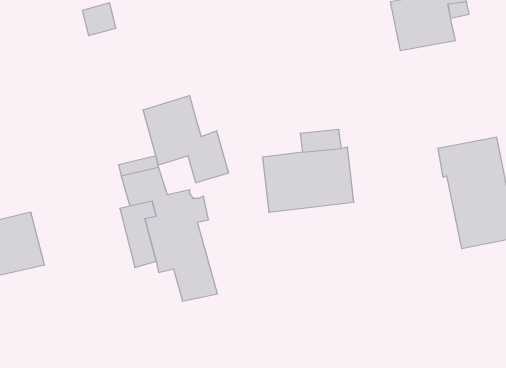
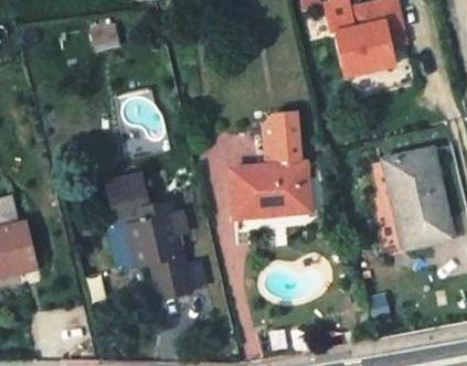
building: none -> [264,110,300,149]
building: [143,95,229,183] -> none

